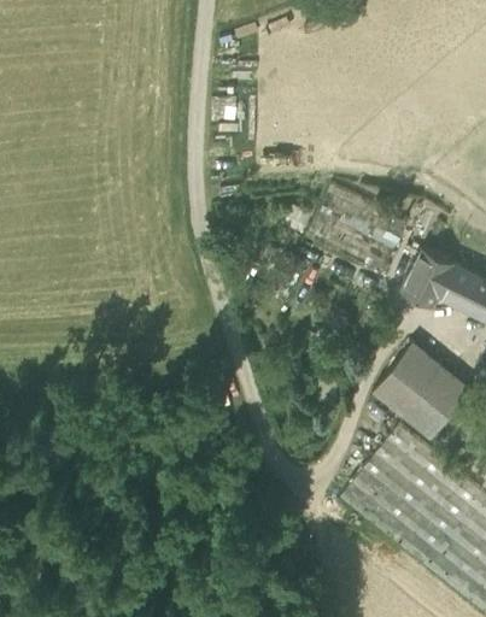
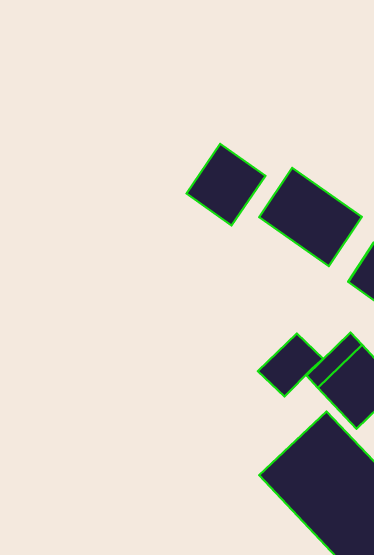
building: none -> [186,144,265,225]
building: none -> [258,334,323,397]

